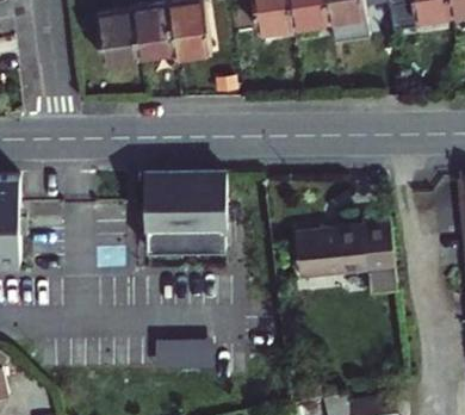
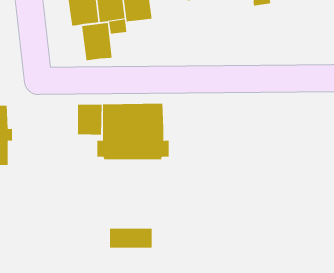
building: none -> [81,22,112,61]
building: none -> [77,104,102,135]
building: [296,208,398,285] -> none

